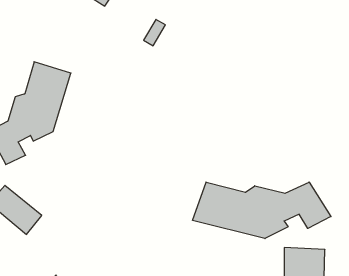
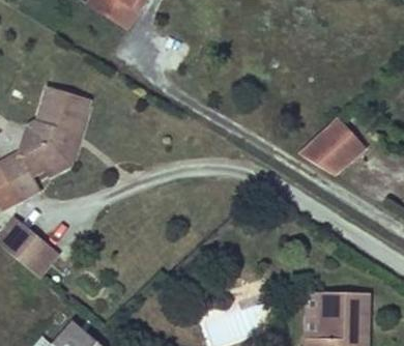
building: none -> [299,119,363,174]
building: [193,182,331,239] -> none

